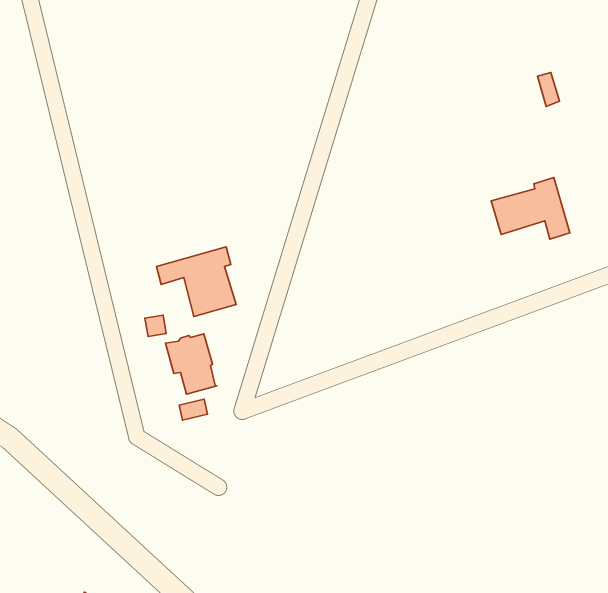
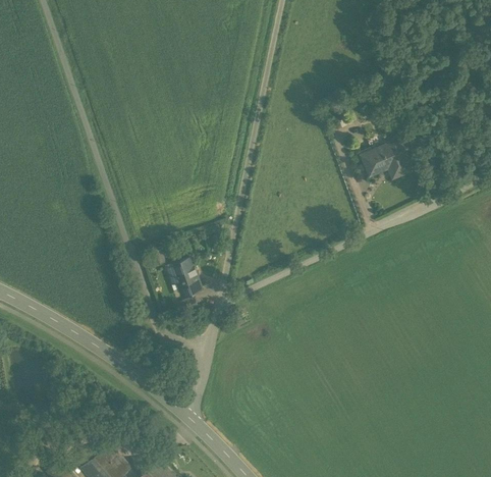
building: [157,247,236,316] -> none

